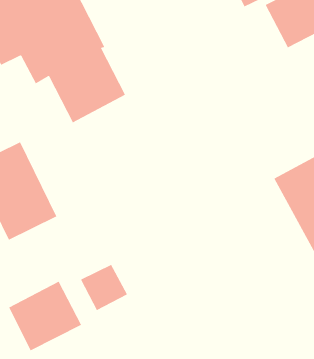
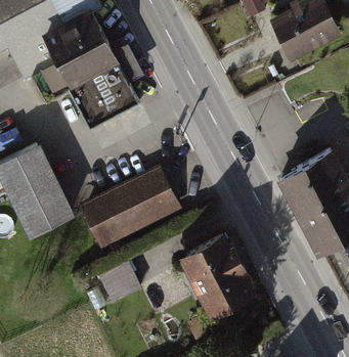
building: none -> [81,168,181,250]
building: none -> [176,233,256,317]
building: [8,281,82,351] -> none

